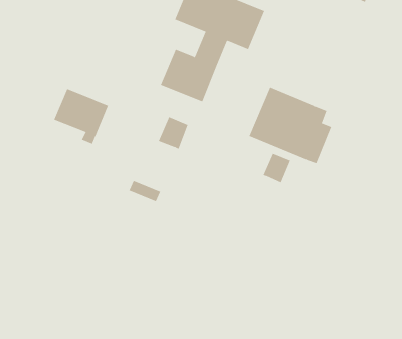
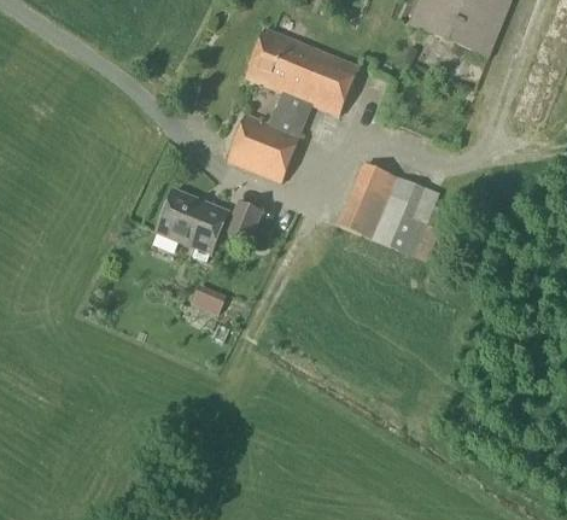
building: [53,89,109,145] -> [156,189,227,261]
building: [263,153,290,183] -> none

